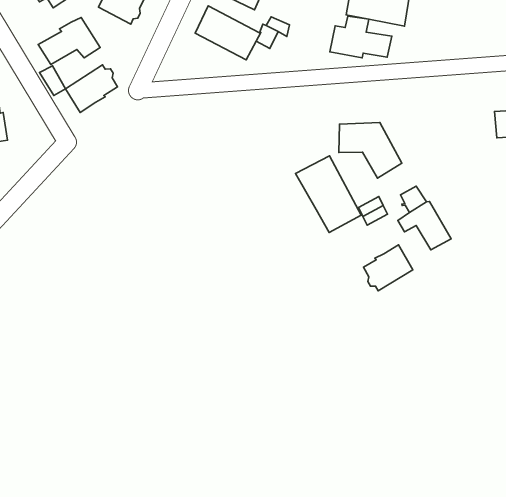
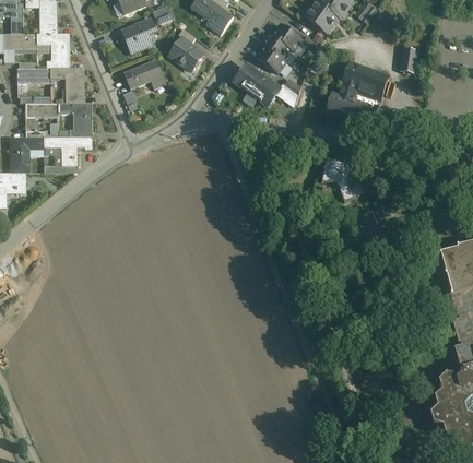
building: [65,65,117,113] -> none
building: [296,156,361,232] -> none
building: [364,245,413,291] -> none

